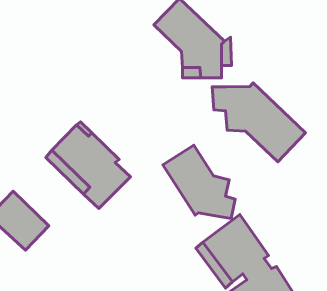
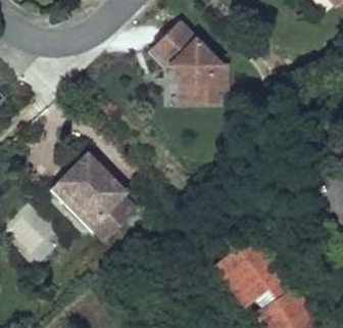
building: [212,83,305,162] -> none
building: [163,145,235,218] -> none

